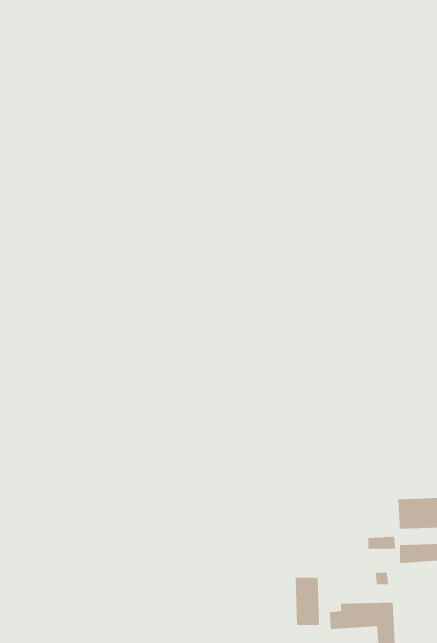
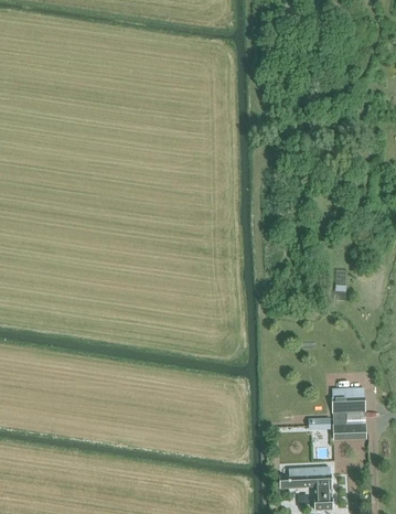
building: [295,577,320,626] -> none

